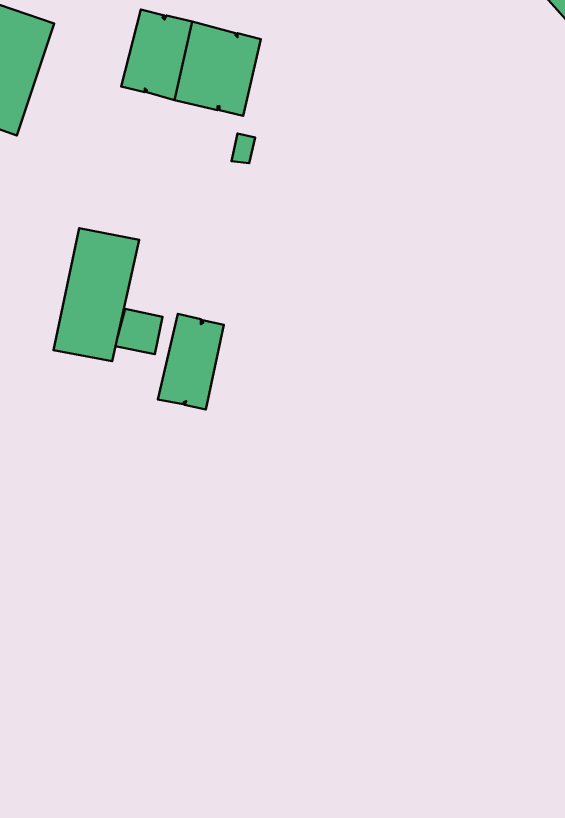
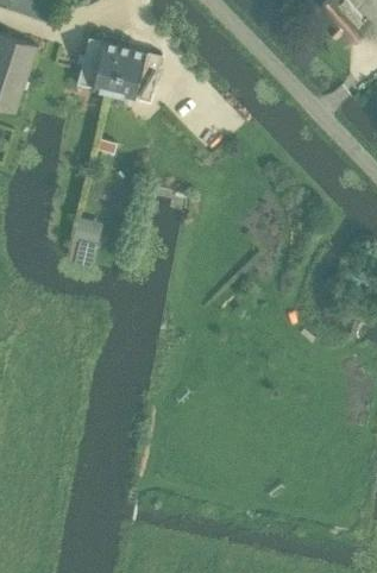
building: [54,228,139,361] -> none
building: [158,314,224,410] -> none

